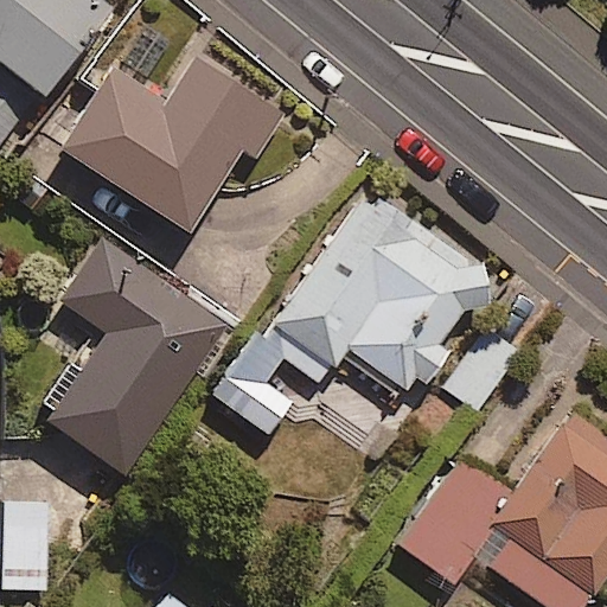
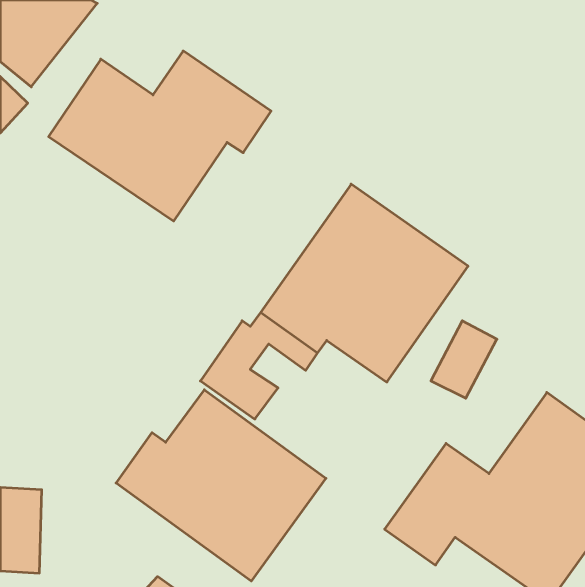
building: [45,237,230,475] -> none
building: none -> [116,390,326,581]

